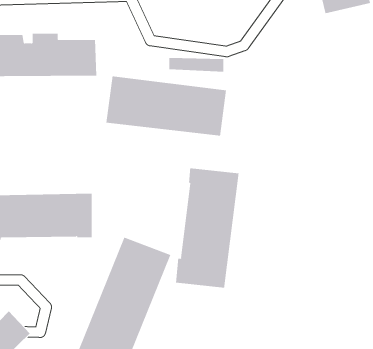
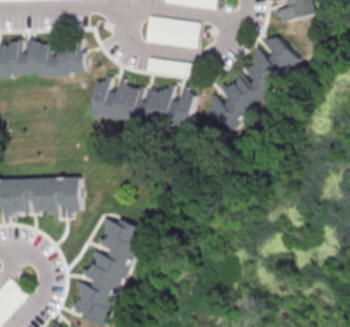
building: none -> [142,18,197,48]
building: none -> [205,35,303,133]
building: [175,168,239,288] -> none

